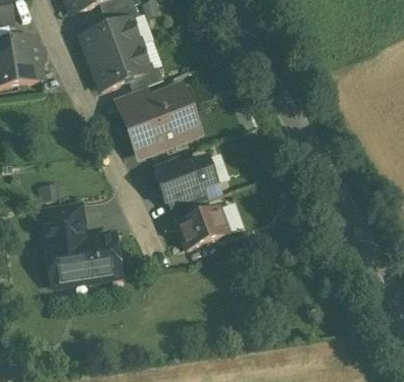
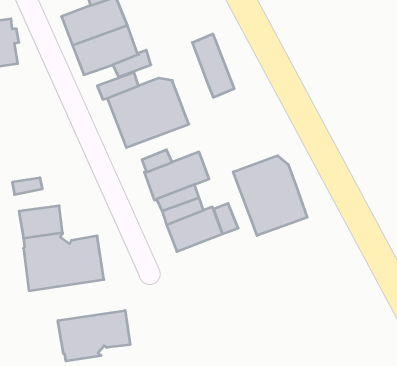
building: none -> [192,34,234,97]
building: none -> [233,156,307,236]
building: none -> [58,310,130,361]

